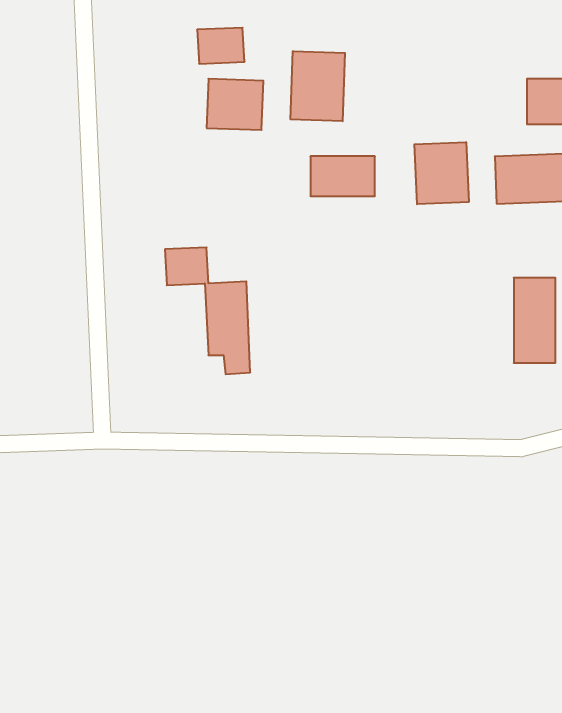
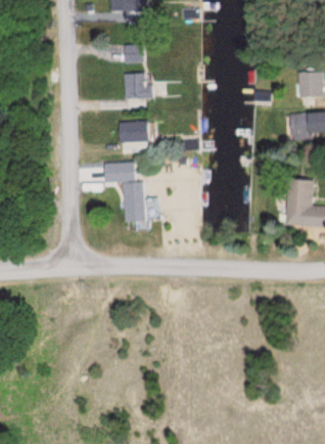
building: [291,51,345,121] -> none
building: [414,142,469,204] -> none
building: [310,156,375,196] -> [118,122,152,143]

